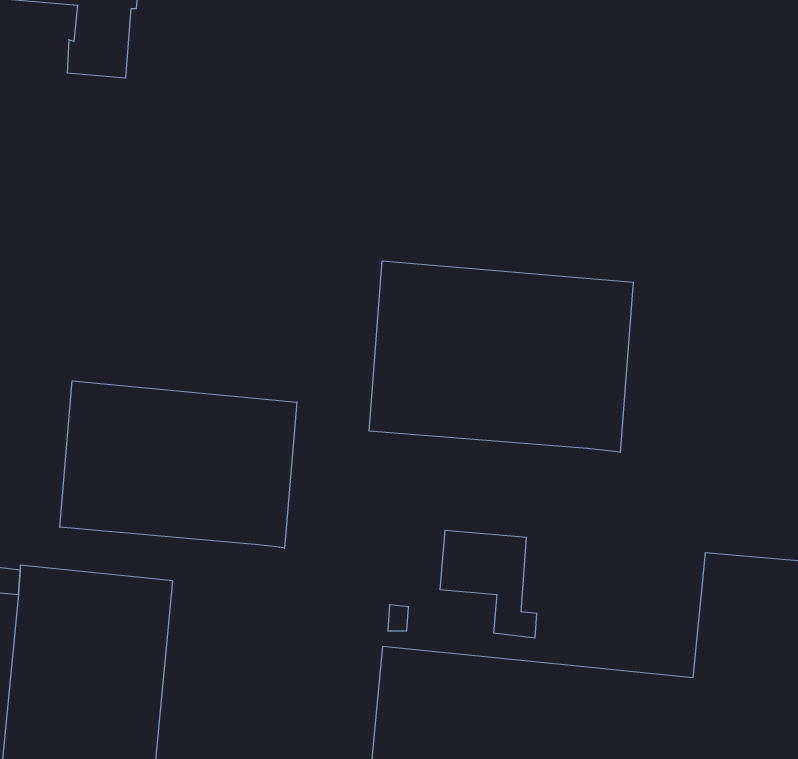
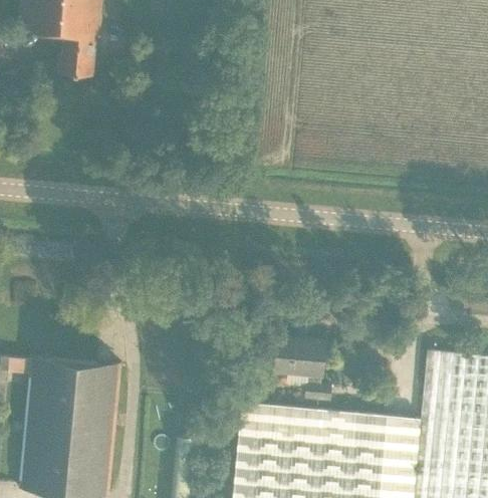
building: [369,261,633,452] -> none
building: [60,381,297,548] -> none

